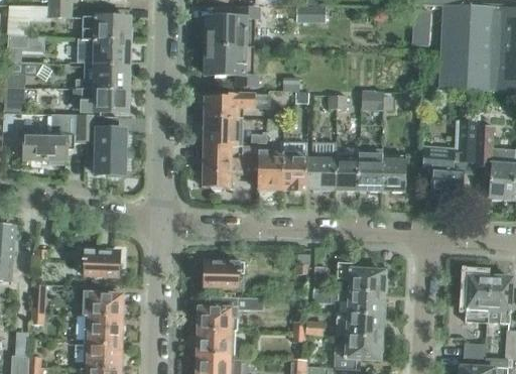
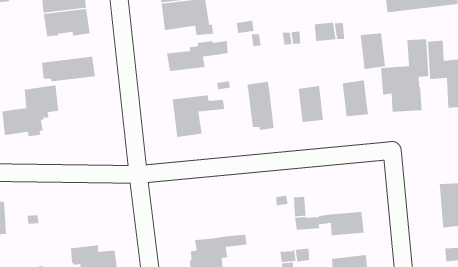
building: [77,61,129,89] -> none
building: [85,113,125,173] -> none
building: [204,117,243,142] -> none
building: [305,141,337,190] -> none
building: [256,149,283,188] -> none
building: [358,153,382,191] -> [360,32,386,70]
building: [80,249,120,275] -> none
building: [203,260,244,295] -> none
building: [340,267,385,290] -> none
building: [336,311,383,336] -> none

